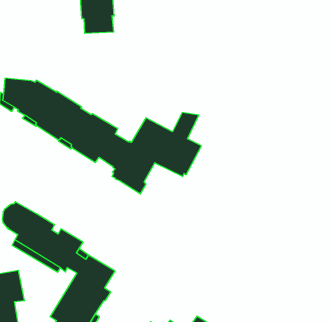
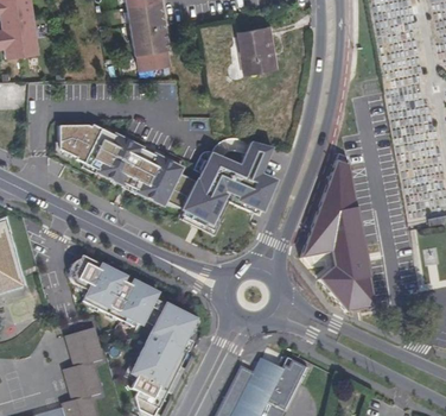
building: none -> [237,26,274,71]
building: none -> [300,159,375,310]

